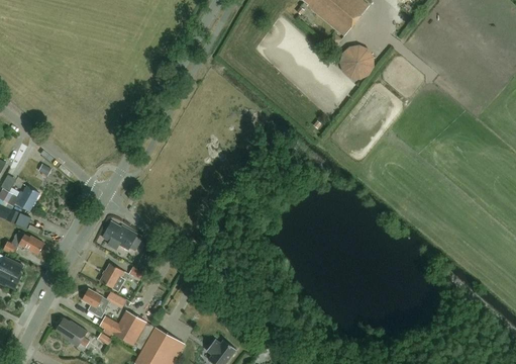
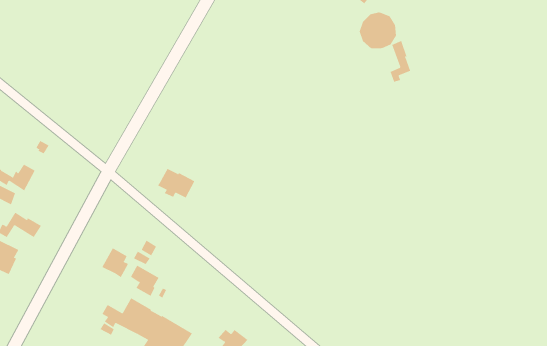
building: none -> [390,40,411,83]
building: [101,221,136,250] -> [157,168,195,199]
building: [82,289,109,318] -> [130,265,160,296]
building: [54,317,89,347] -> none

